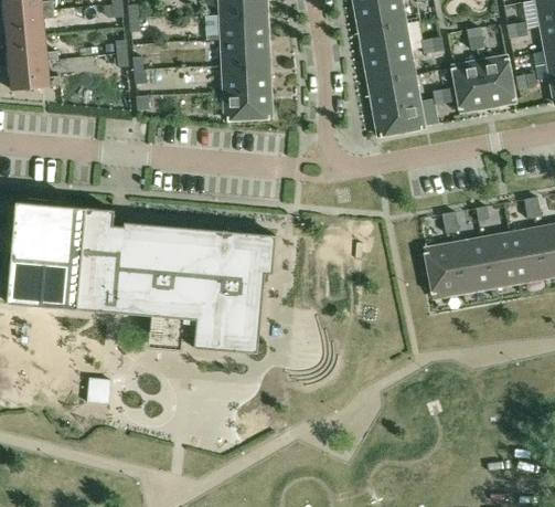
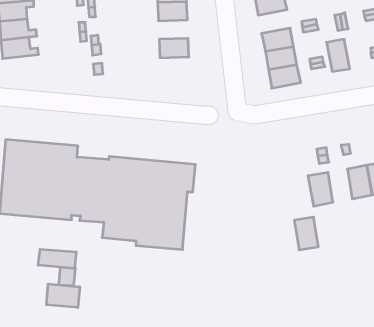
building: [362,22,406,55] -> none
building: [225,36,266,63] -> none
building: [480,59,512,104] -> none
building: [227,87,268,114] -> none
building: [458,242,491,287] -> [294,217,318,250]
building: none -> [38,249,76,268]
building: none -> [46,284,80,308]

